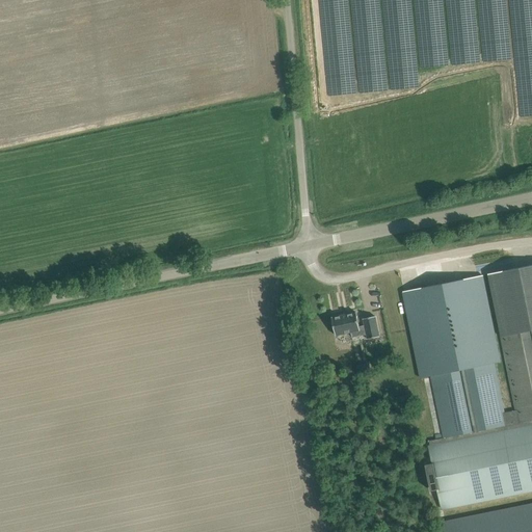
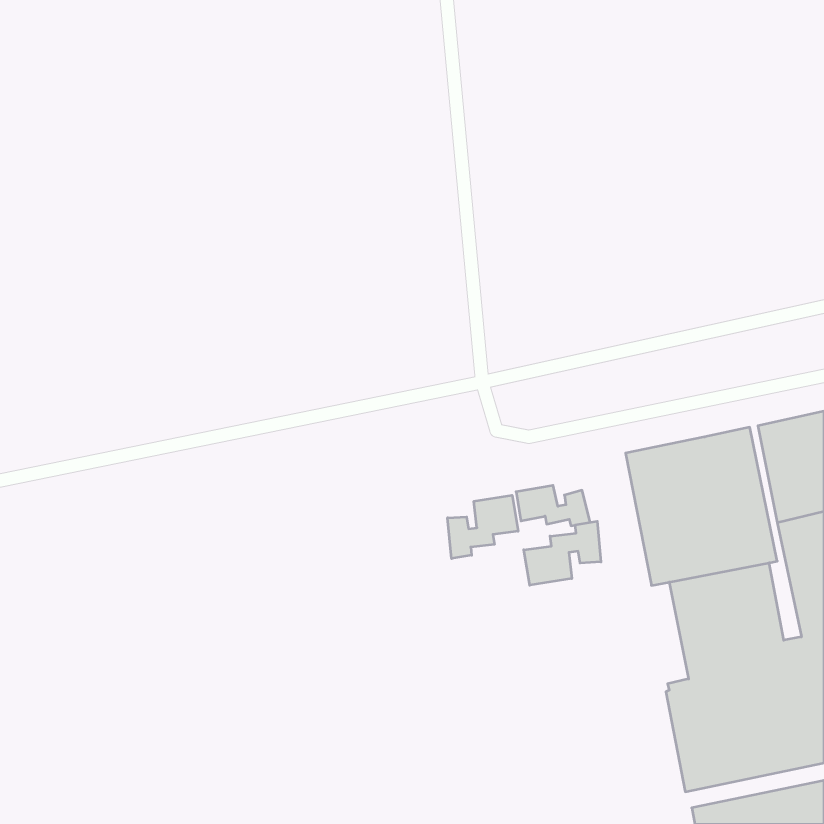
building: none -> [448,495,518,559]
building: none -> [524,521,601,585]

